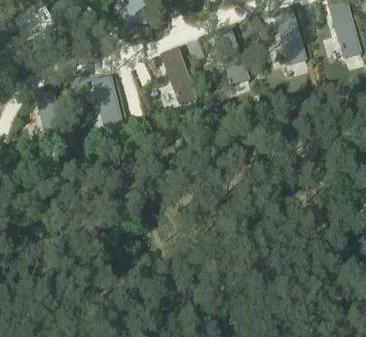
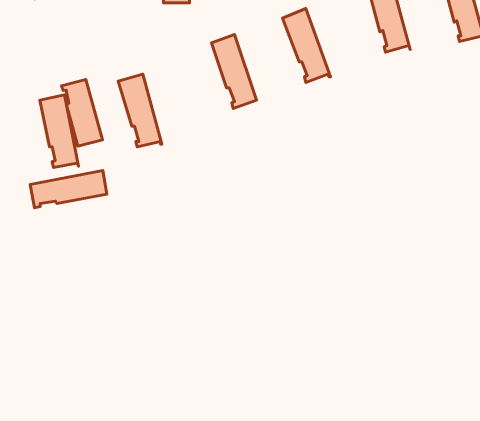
building: none -> [61,80,103,146]
building: none -> [30,171,107,208]

